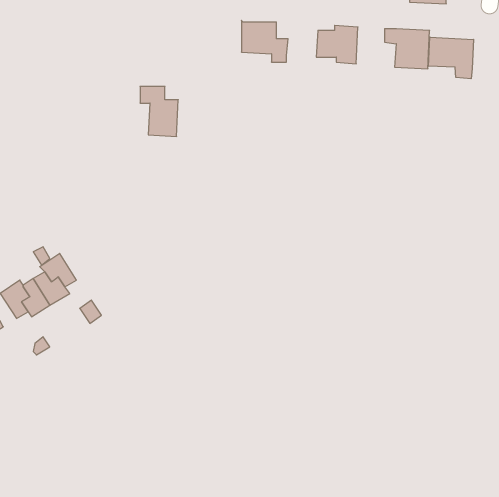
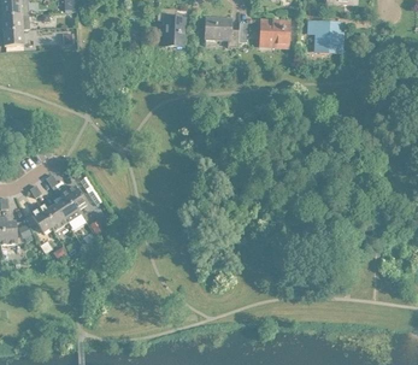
building: [428,37,474,79] -> none
building: [140,86,178,136] -> [158,7,186,43]

